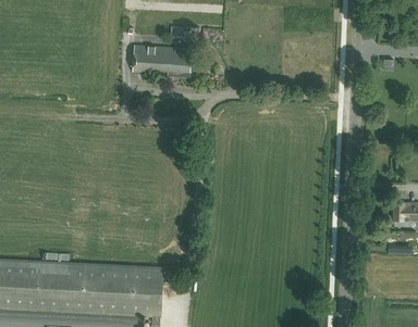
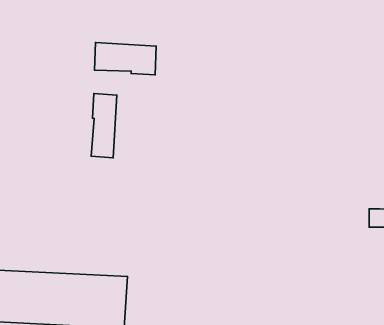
building: none -> [91,93,117,158]

